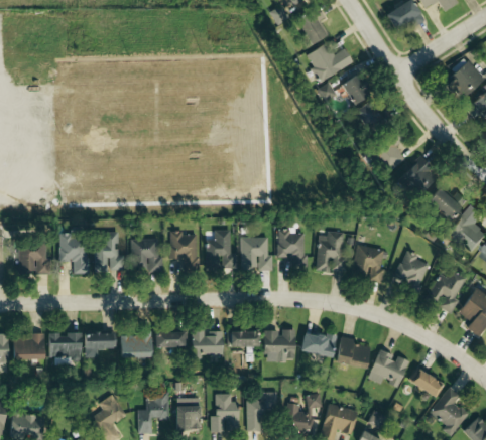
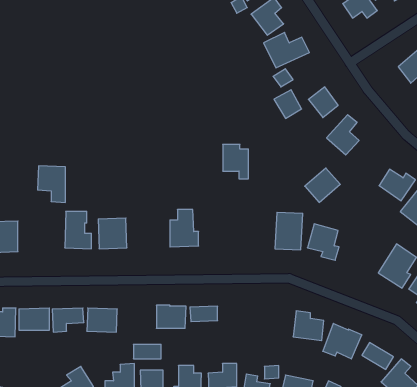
building: [341,74,370,104] -> [274,90,302,118]
building: [399,159,437,195] -> [305,168,340,202]
building: [278,229,306,265] -> [223,144,248,179]
building: [169,231,198,261] -> none
building: [58,236,88,274] -> [38,166,65,202]
building: [241,237,273,270] -> none
building: [393,252,431,291] -> none
building: [265,330,295,360] -> none
building: [154,332,184,347] -> [133,344,161,359]
building: [299,332,337,358] -> none

